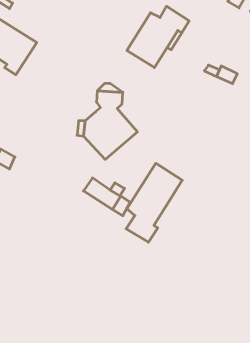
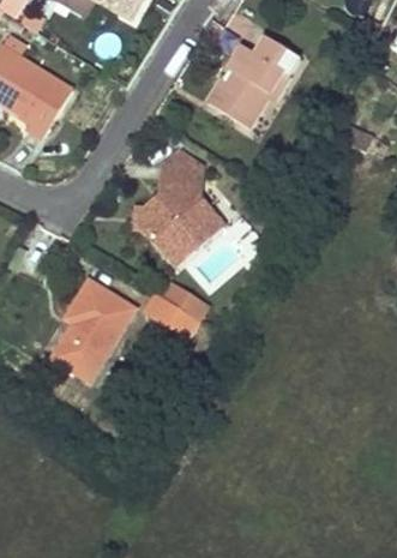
building: [126,163,182,242] -> none
building: none -> [52,280,136,380]

